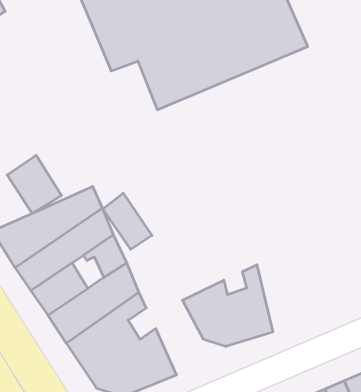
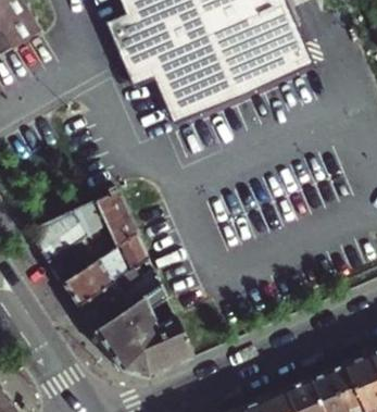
building: [7,155,62,214] -> none
building: [103,193,152,249] -> none
building: [183,265,273,347] -> none

